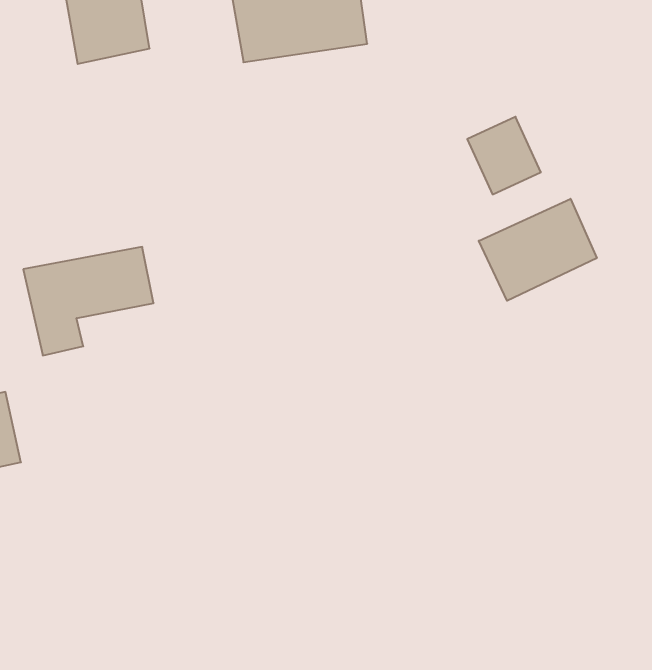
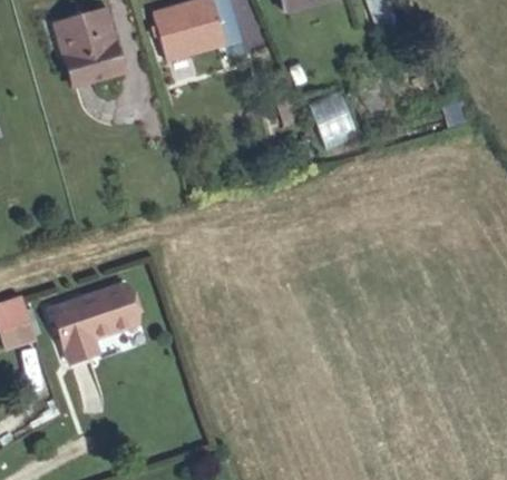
building: [479,199,597,301] -> none
building: [23,247,154,355] -> [41,283,127,357]

